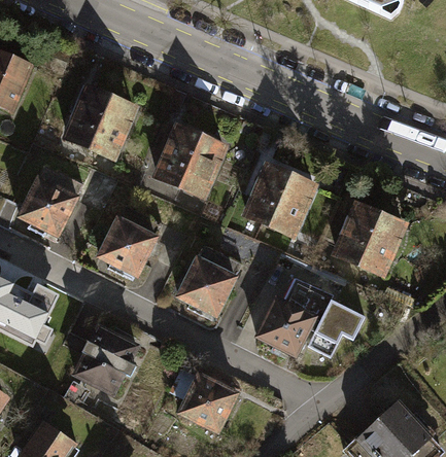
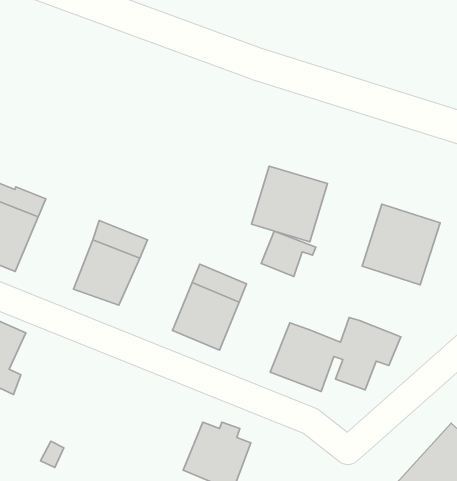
building: [69,91,131,156] -> none
building: [156,129,222,196] -> none
building: [288,279,334,317] -> [261,231,316,277]
building: [74,327,137,394] -> none

